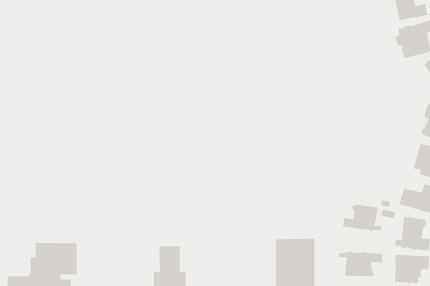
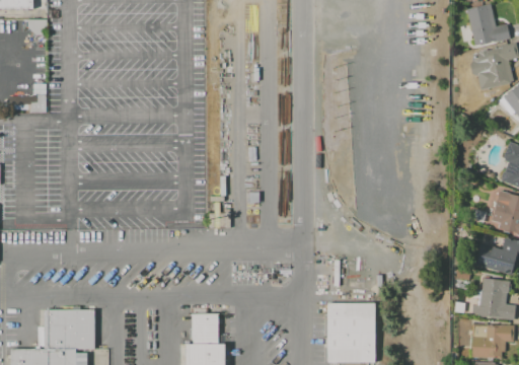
building: [342,204,382,232] -> none
building: [338,251,383,277] -> none

